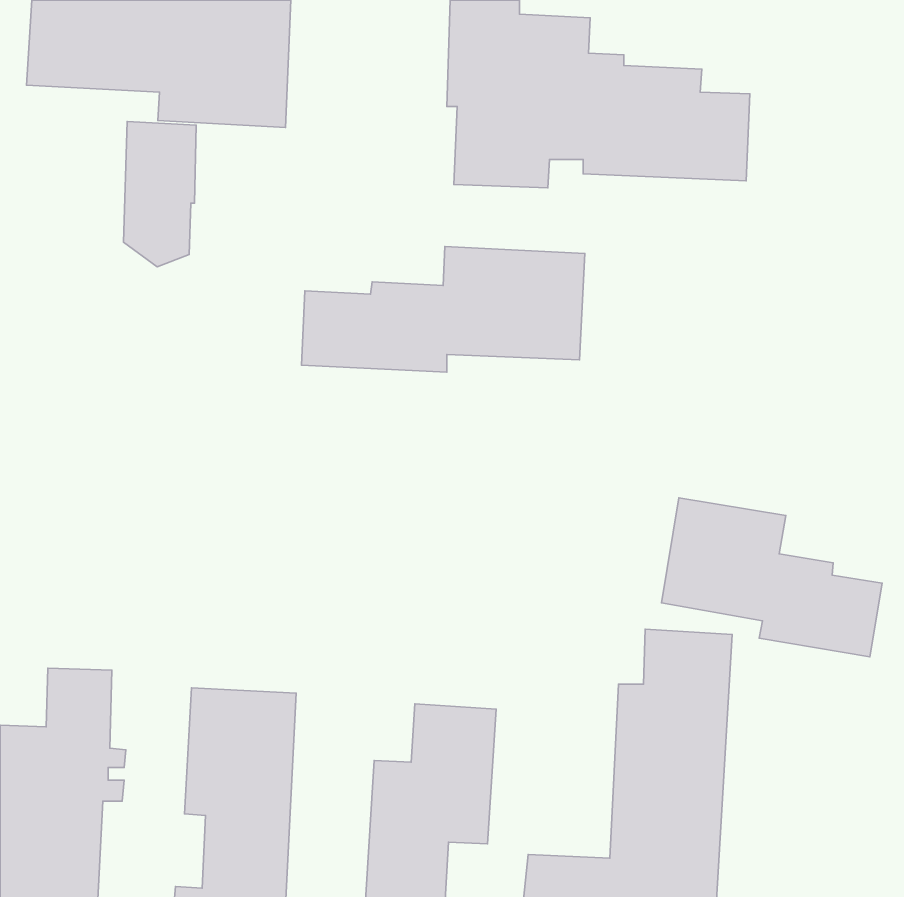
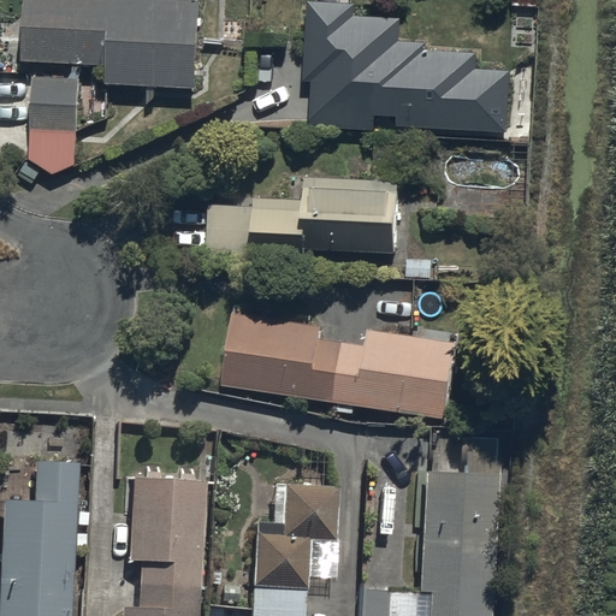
building: [123,121,196,267] -> [30,76,79,174]
building: none -> [219,312,456,420]
building: [662,498,882,657] -> none

